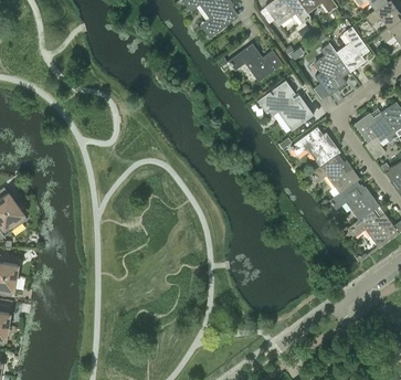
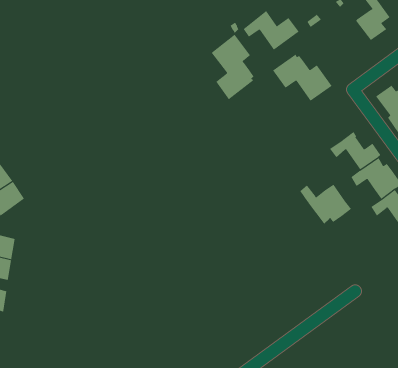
building: [314,44,349,96] -> none
building: none -> [211,34,254,100]
building: [291,127,340,167] -> none
building: none -> [299,184,352,225]

